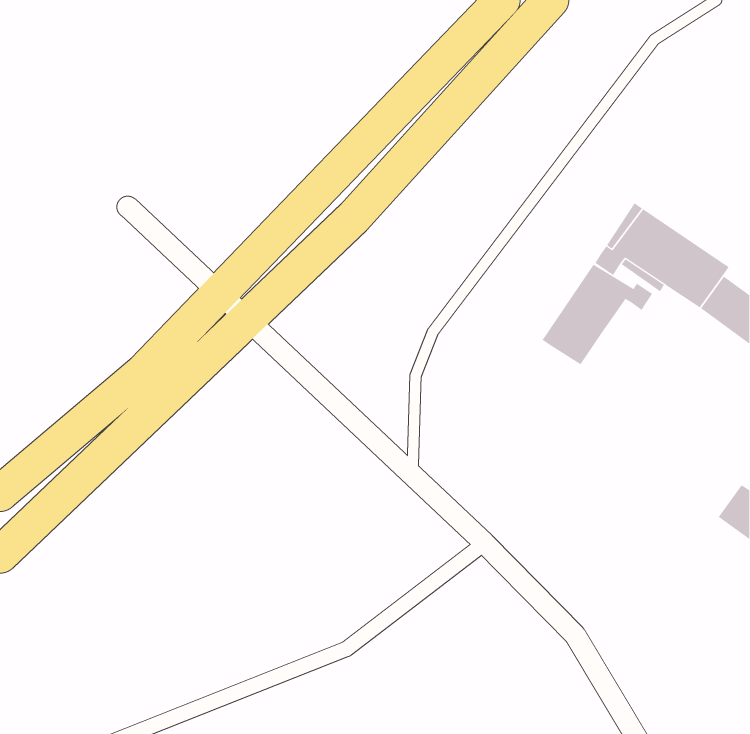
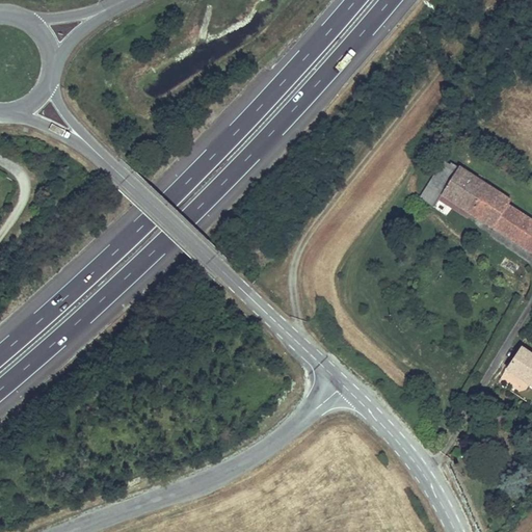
building: [542,264,653,365] -> none

